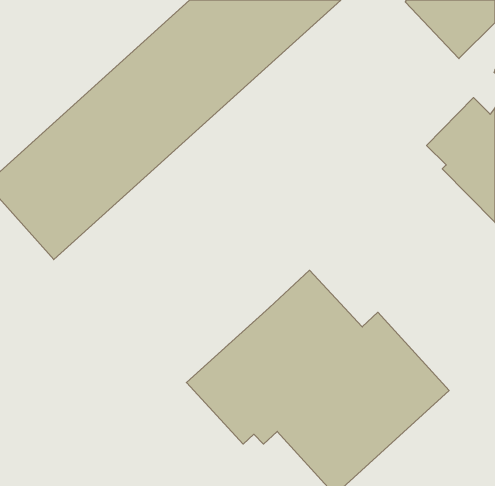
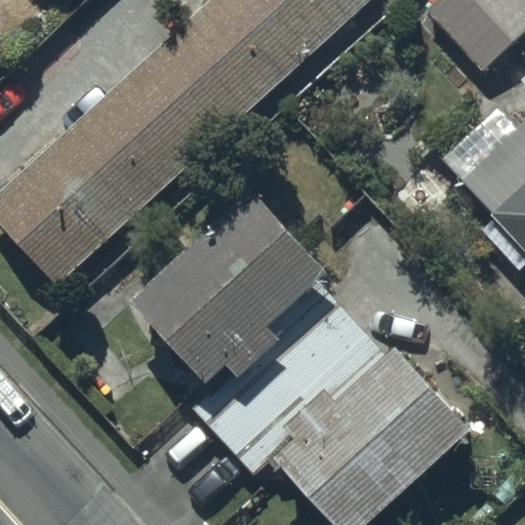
building: none -> [133,187,326,379]

